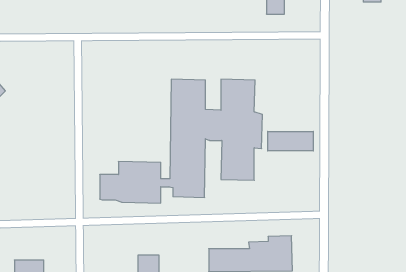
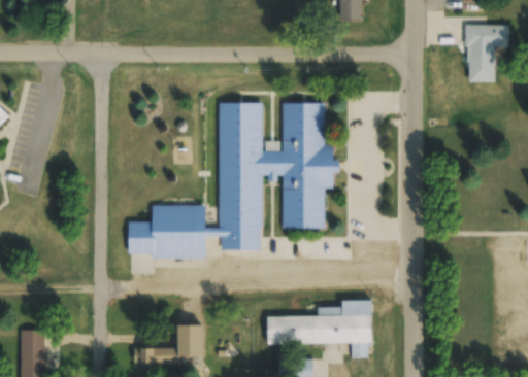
building: none -> [466,25,508,83]
building: [268,131,313,151] -> none

